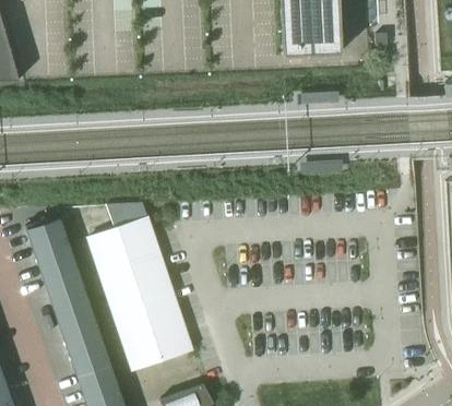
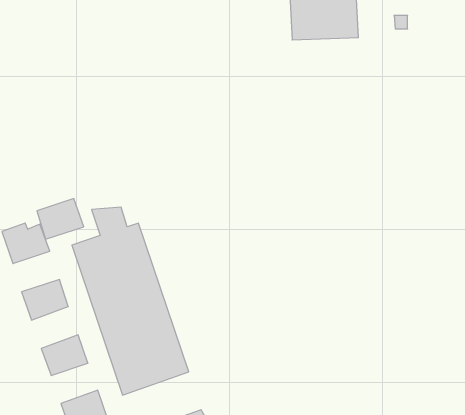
building: [36,243,78,279] -> [37,199,84,239]
building: [52,292,94,330] -> none
building: [70,343,111,379] -> none

